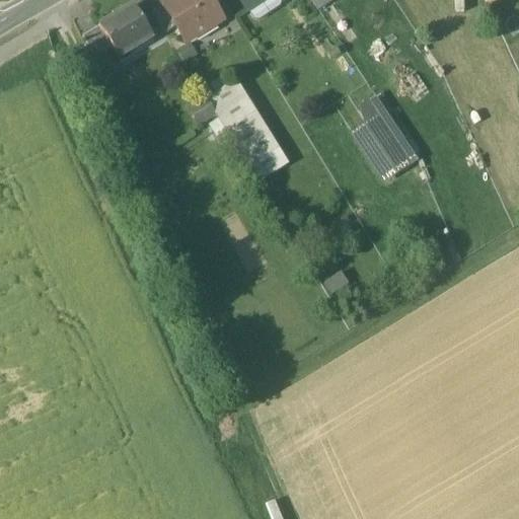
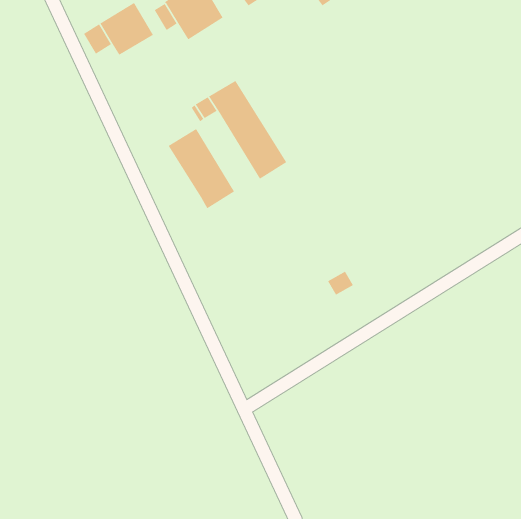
building: [352,93,419,179] -> none
building: none -> [168,128,235,209]

